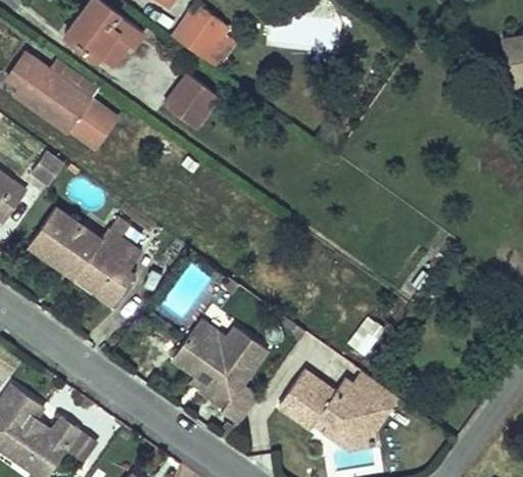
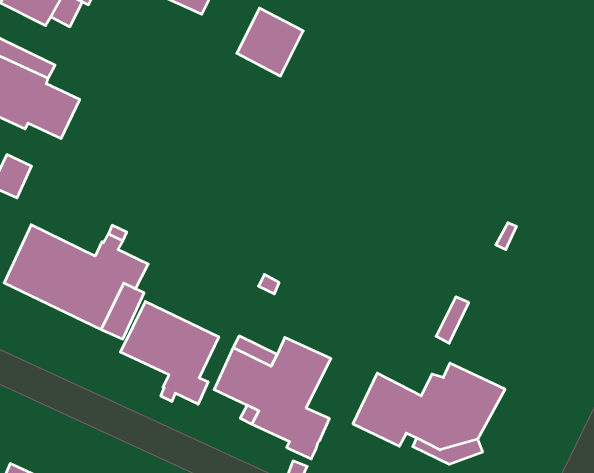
building: [162,71,217,127] -> [237,8,303,76]
building: none -> [120,301,219,404]

